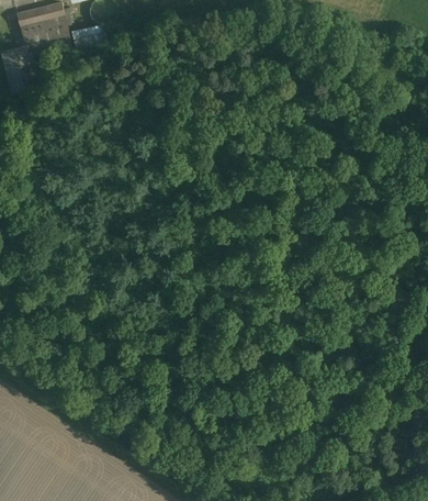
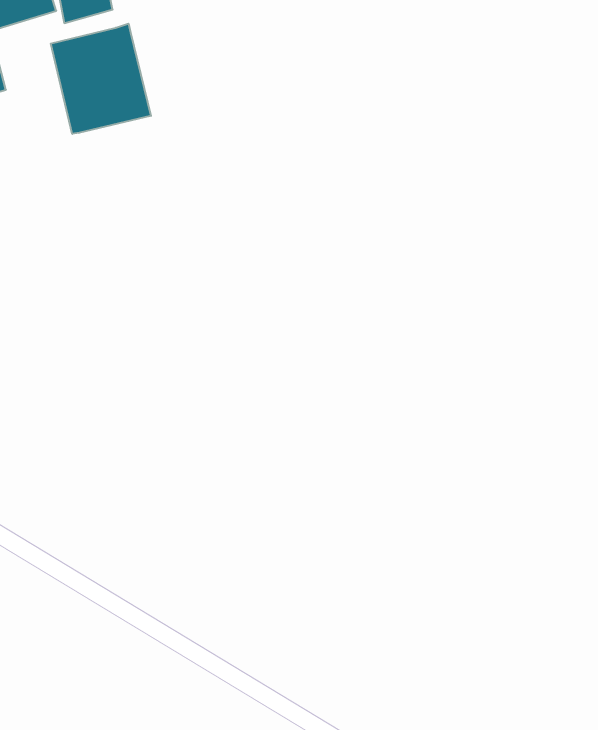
building: none -> [51,24,151,134]

